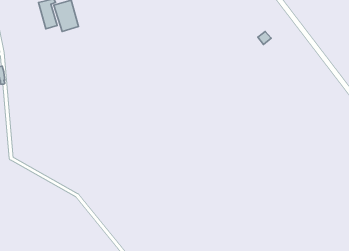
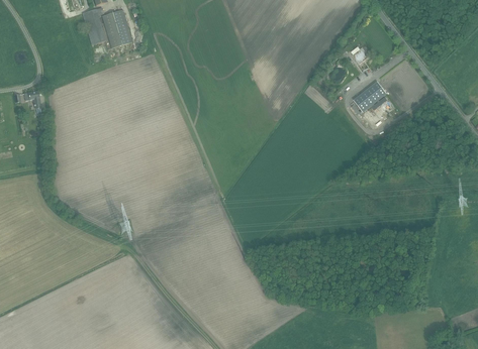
building: none -> [353,82,386,112]

